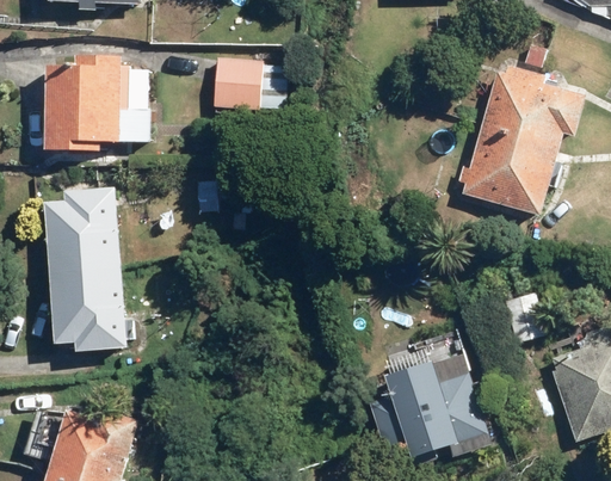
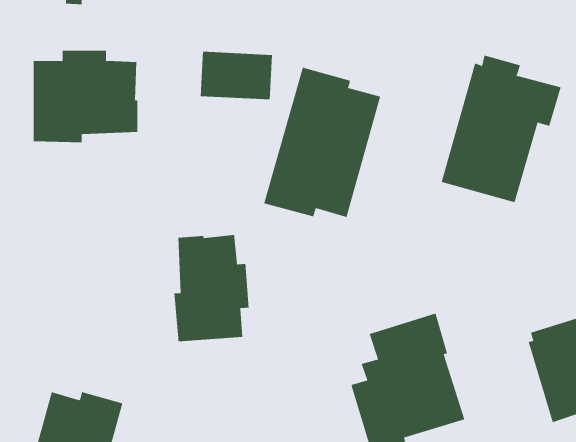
building: none -> [264,67,381,218]
building: [42,187,126,352] -> none
building: none -> [174,234,249,342]

